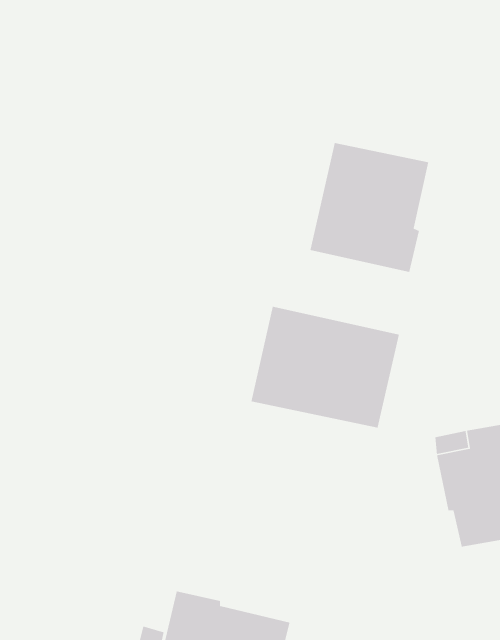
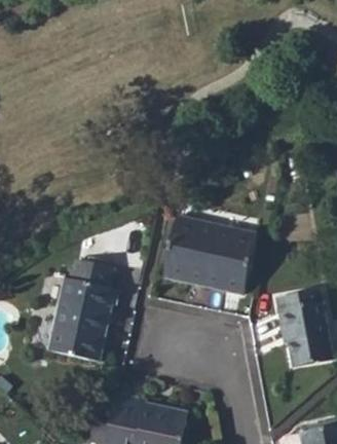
building: [310,142,429,273] -> none
building: none -> [48,258,118,362]

